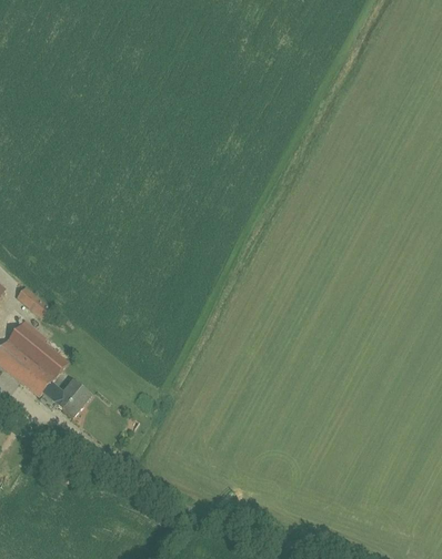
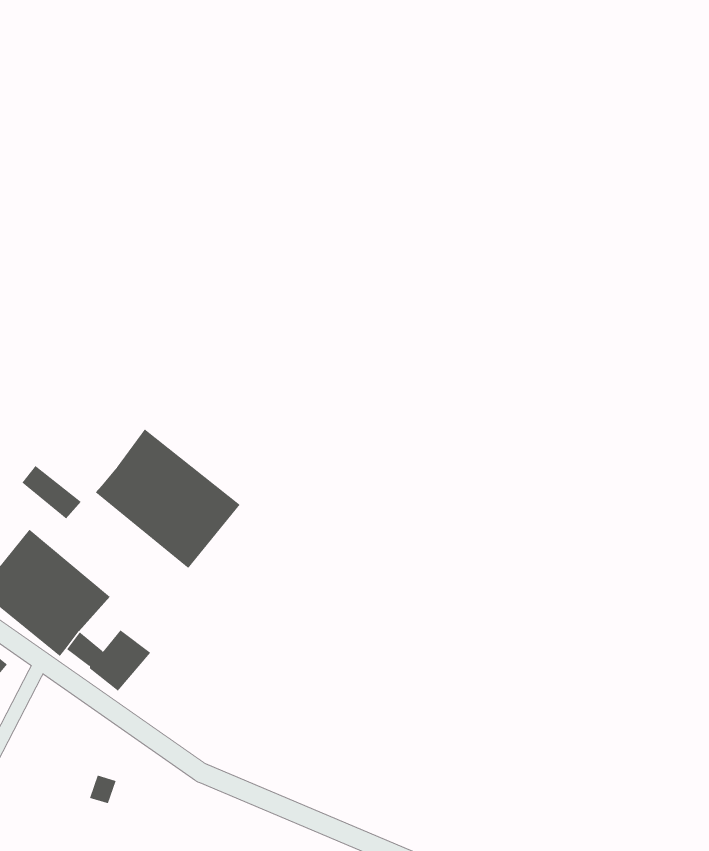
building: none -> [95,429,240,569]

